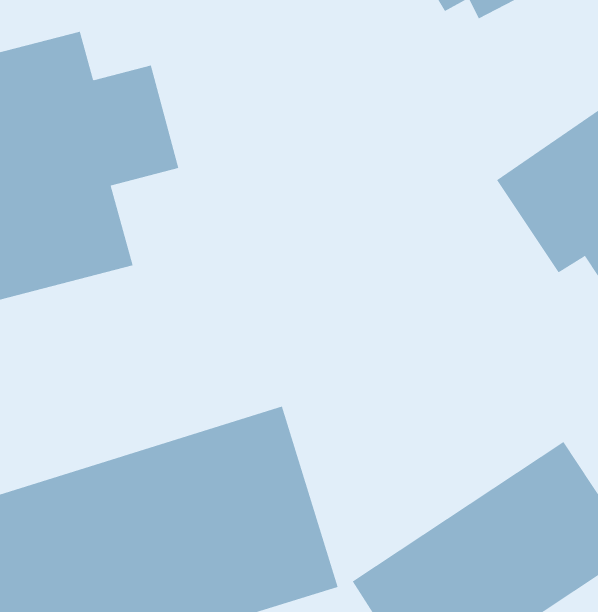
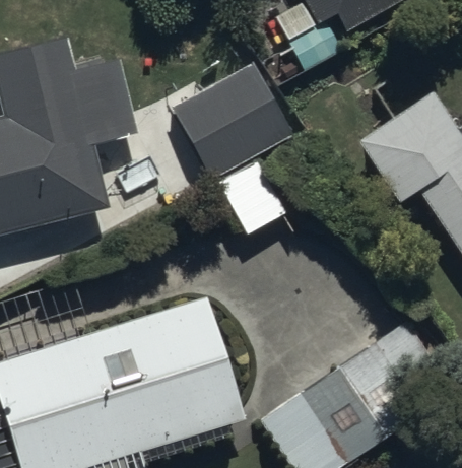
building: none -> [173,63,294,233]

